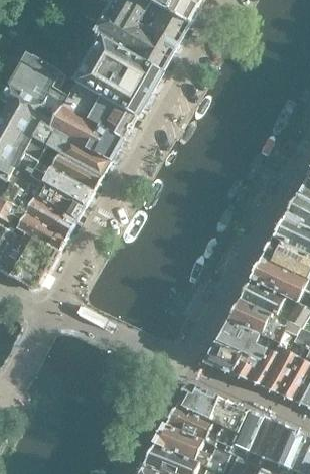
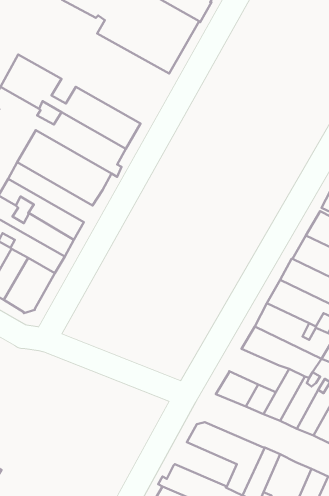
building: [70,33,162,115] -> none
building: [16,150,93,204] -> none
building: [216,319,266,358] -> none
building: [162,404,223,444] -> none

